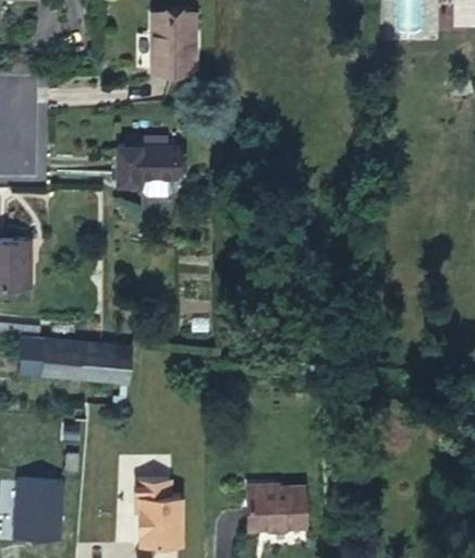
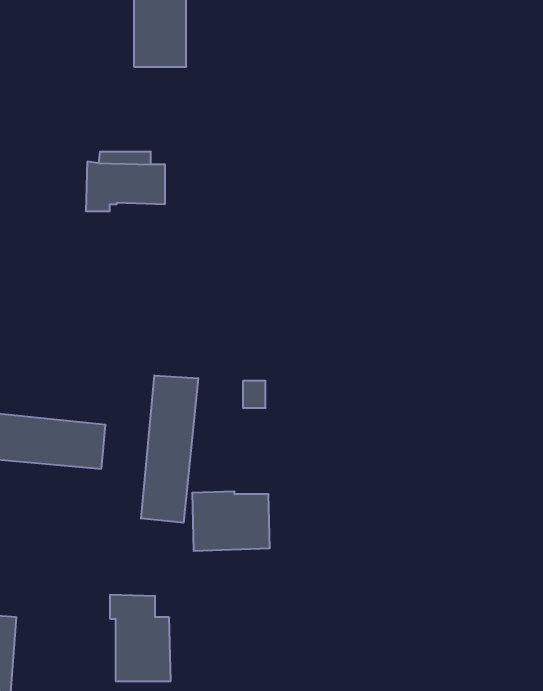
building: none -> [141,375,198,523]
building: [246,485,306,531] -> [192,491,270,551]

